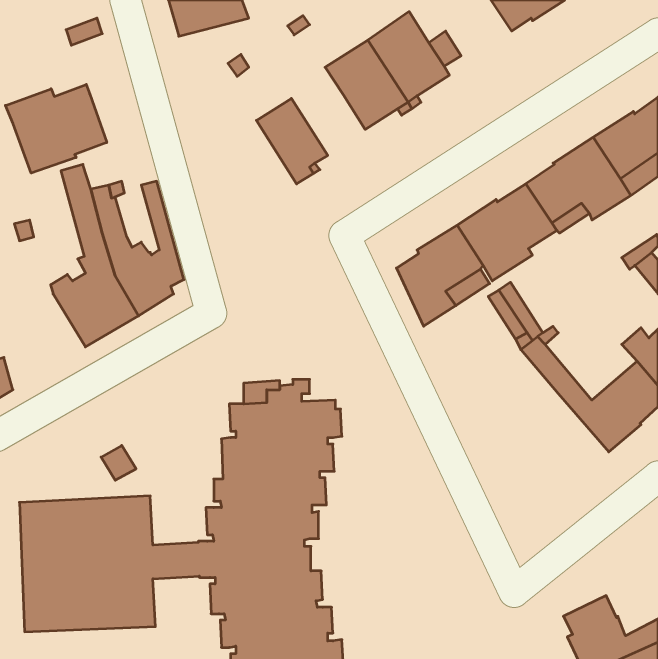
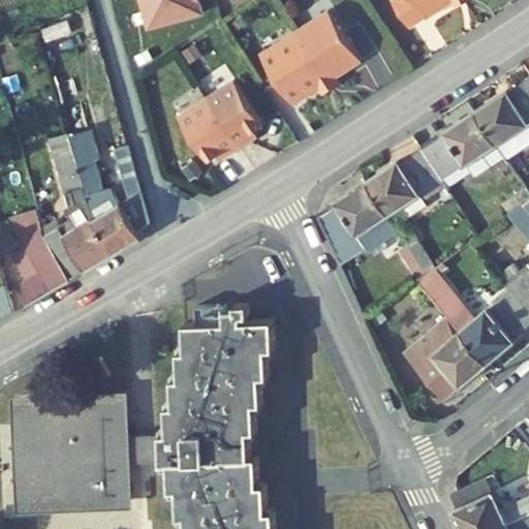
building: [5,84,107,173] -> none
building: none -> [177,98,237,161]
building: none -> [4,211,68,307]
building: none -> [402,316,486,400]

